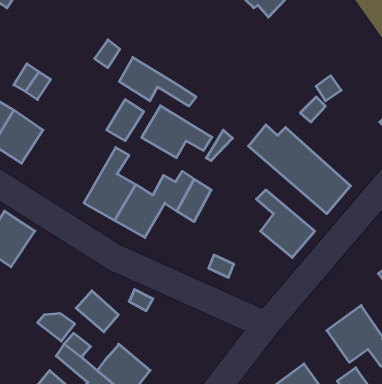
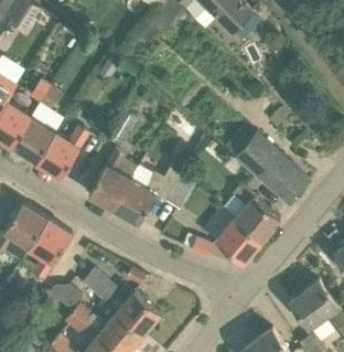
building: [119,57,196,106] -> none
building: [142,106,212,158] -> none
building: none -> [36,128,87,178]
building: none -> [28,218,72,279]
building: none -> [216,218,261,263]
building: none -> [108,285,161,334]

